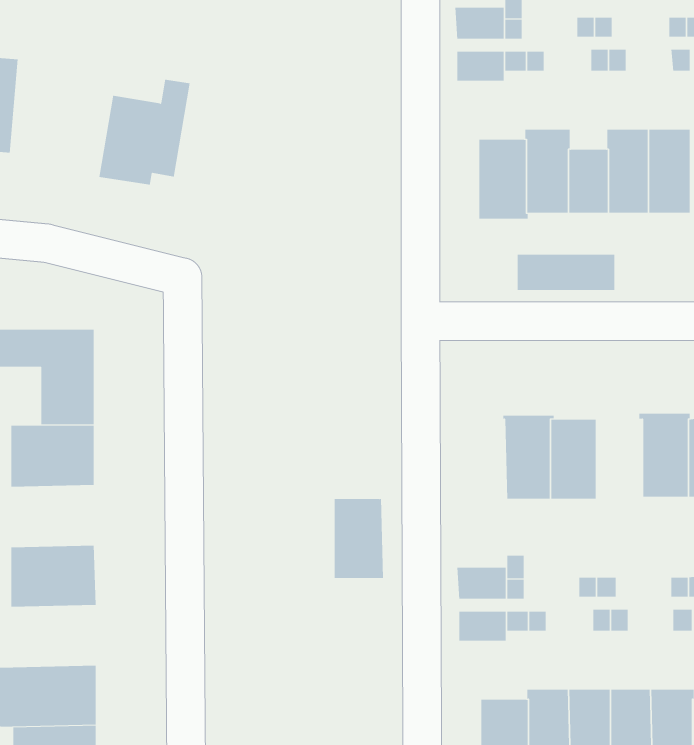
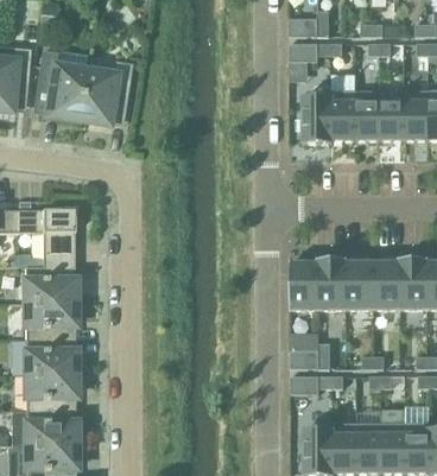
building: none -> [36,50,88,119]
building: [517,254,615,291] -> none
building: none -> [374,262,401,310]
building: none -> [26,302,76,338]
building: [334,499,384,578] -> [291,262,321,310]
building: none -> [26,373,77,410]

